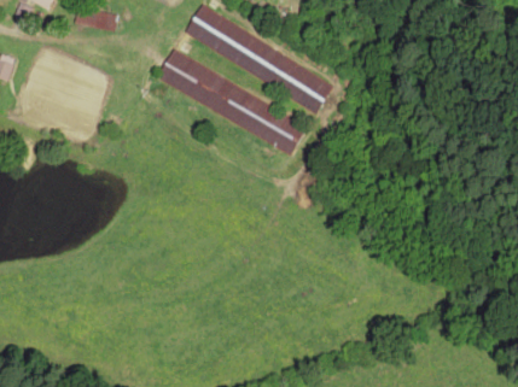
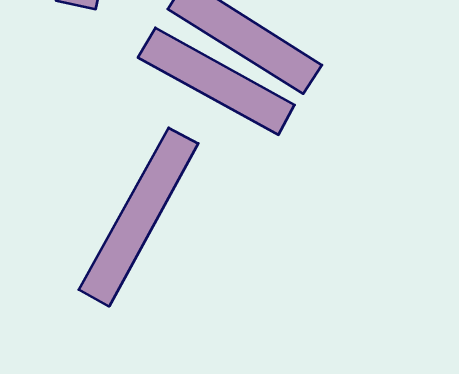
building: none -> [79,128,198,306]

